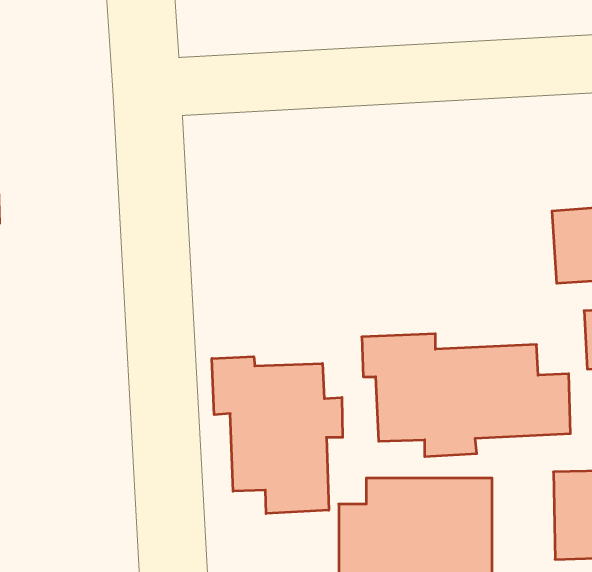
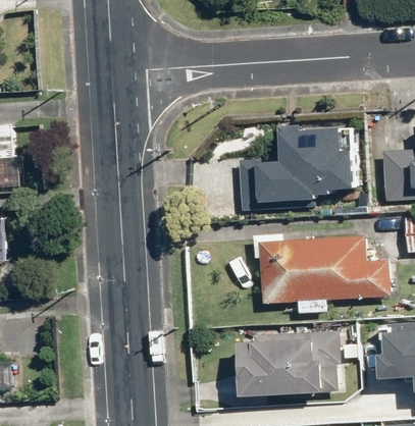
building: none -> [235,125,354,210]
building: [212,357,343,514] -> none

